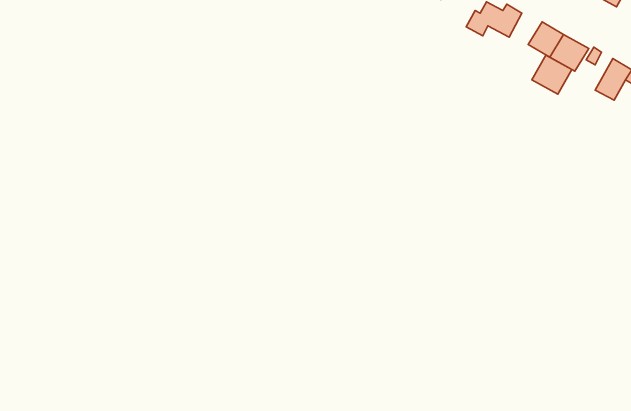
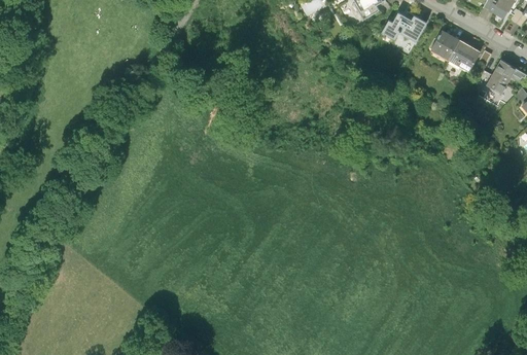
building: [532,55,572,94] -> none

